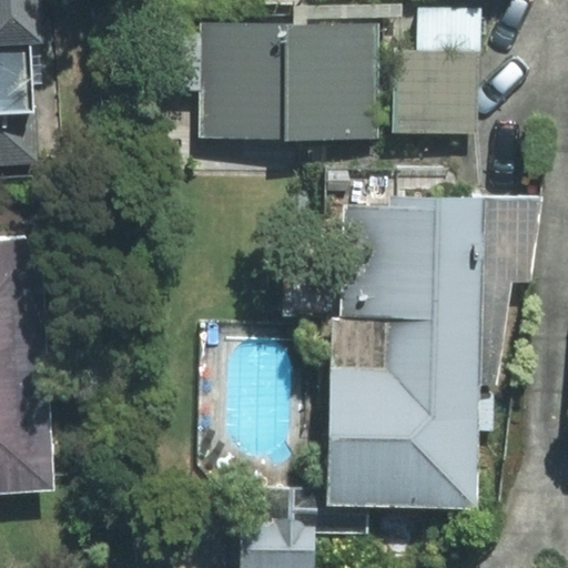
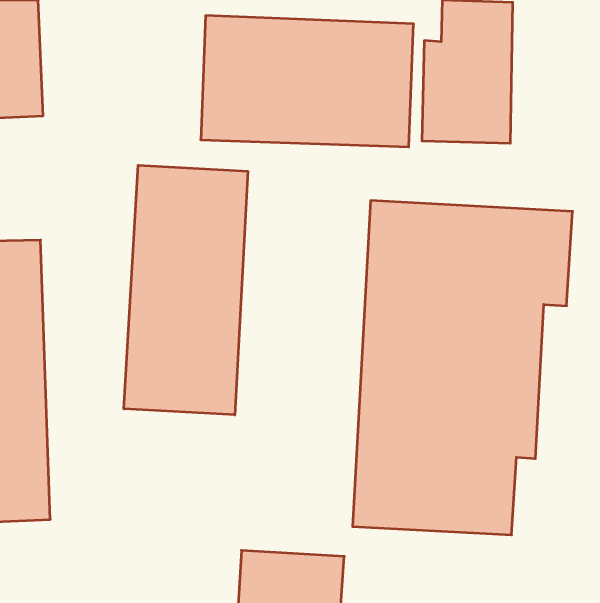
building: none -> [124,165,248,415]

